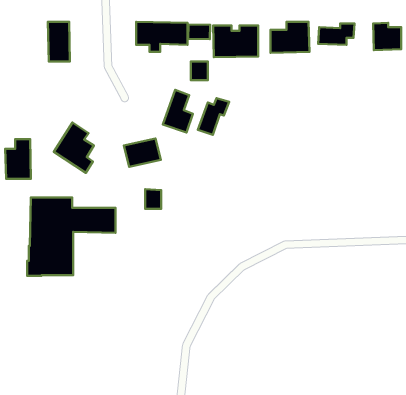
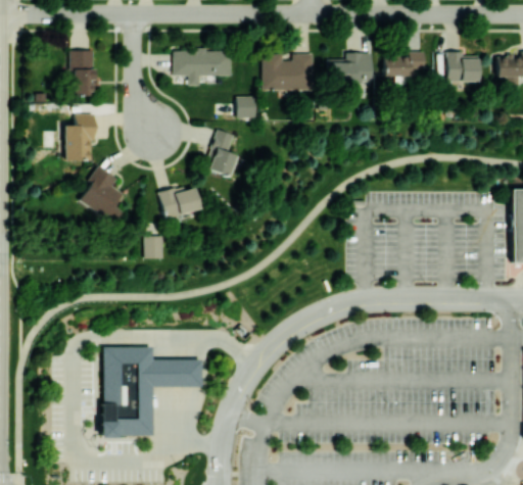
building: [188,24,210,39] -> none
building: [198,98,229,135] -> none
building: [5,139,31,179] -> [63,114,93,160]
building: [145,189,161,209] -> [145,236,163,258]
building: [27,197,116,276] -> [103,347,205,438]

